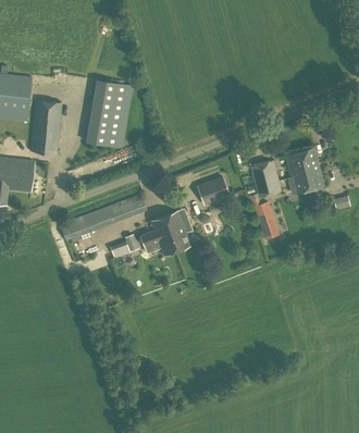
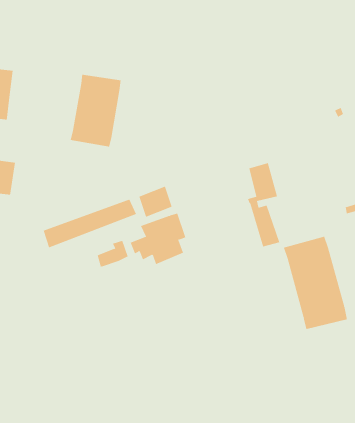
building: [29,99,62,153] -> none
building: [286,147,324,193] -> none
building: [198,177,230,207] -> [139,186,173,218]
building: none -> [283,236,348,330]

